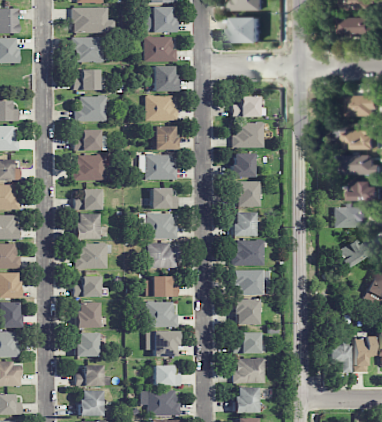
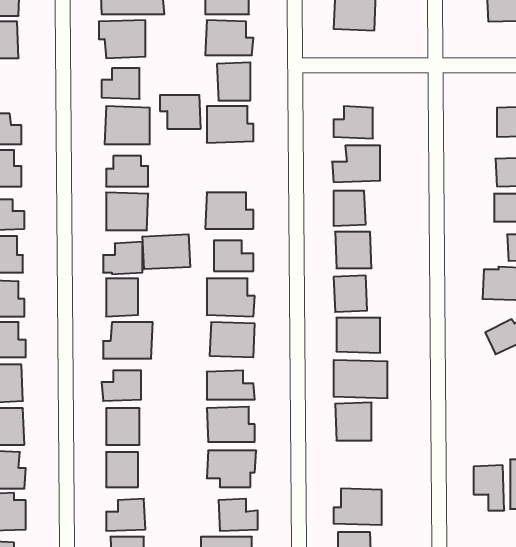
building: [149,126,177,149] -> [160,95,201,129]
building: none -> [143,234,190,269]
building: [234,332,261,353] -> none

